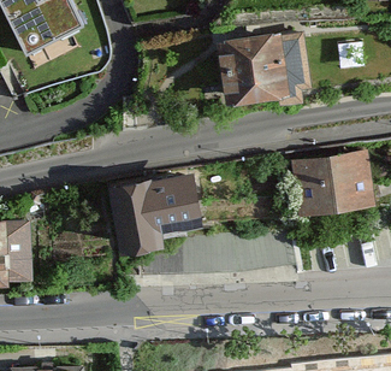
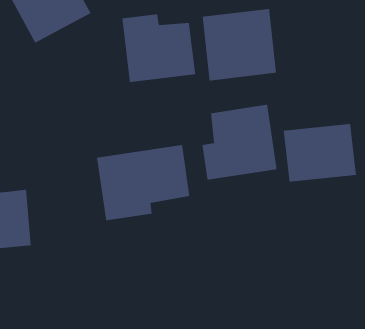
building: none -> [122,14,196,83]
building: none -> [202,104,277,180]

